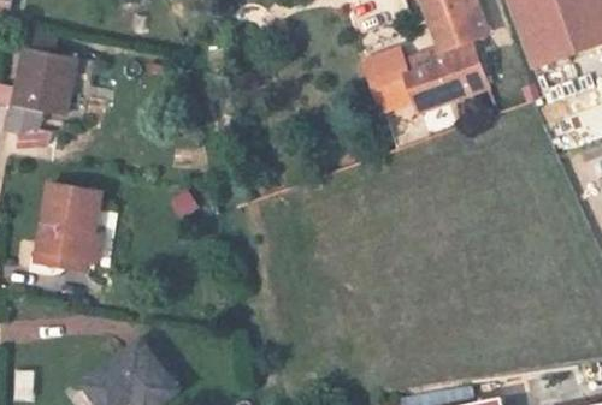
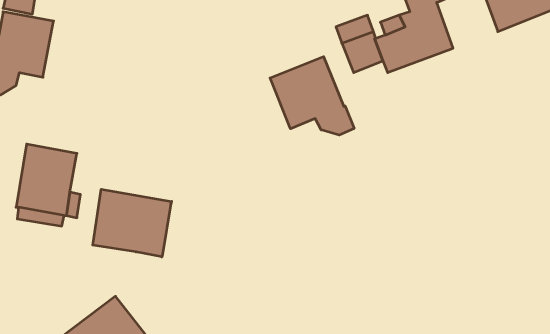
building: none -> [270,57,354,135]
building: none -> [93,189,172,257]

